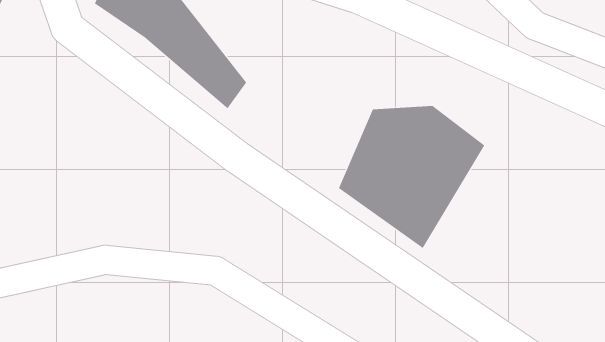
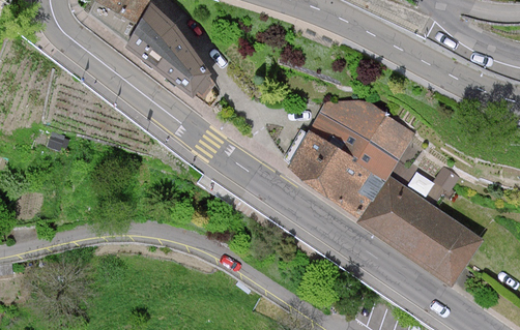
building: none -> [362,177,485,287]

